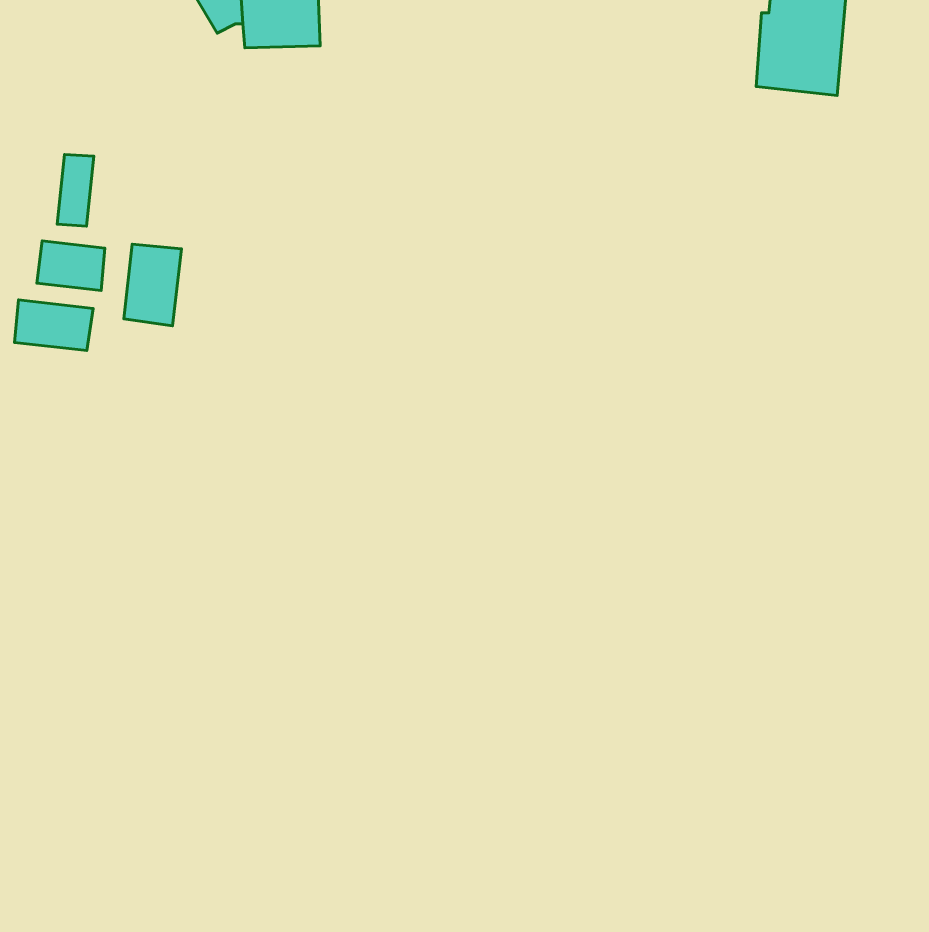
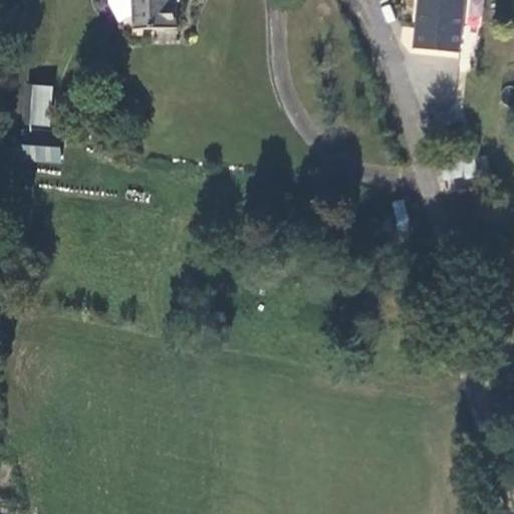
building: [124,244,181,326] -> none
building: [15,300,93,351] -> none

